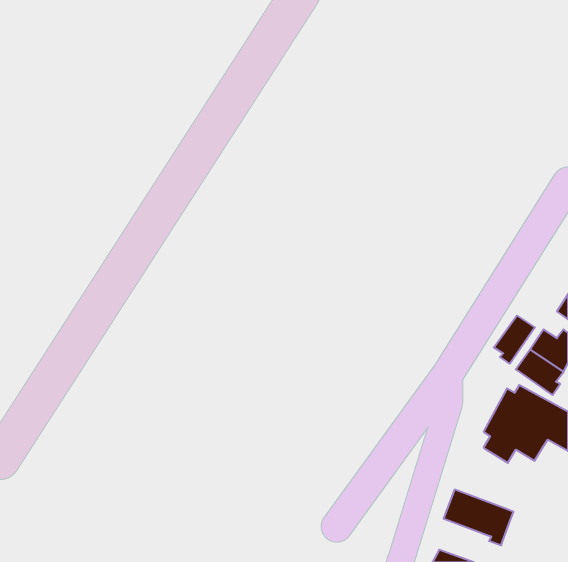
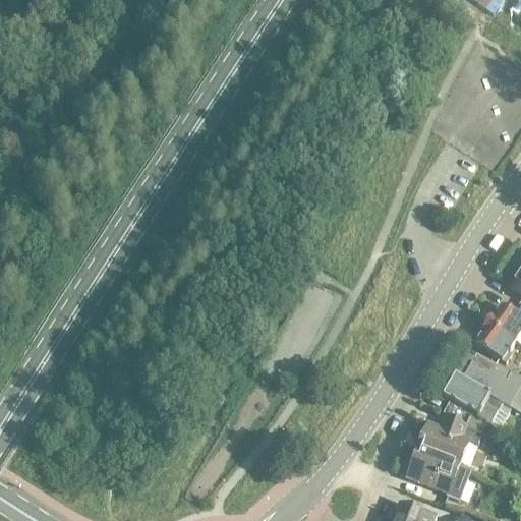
building: [494,316,535,364] -> none
building: none -> [416,410,481,464]

